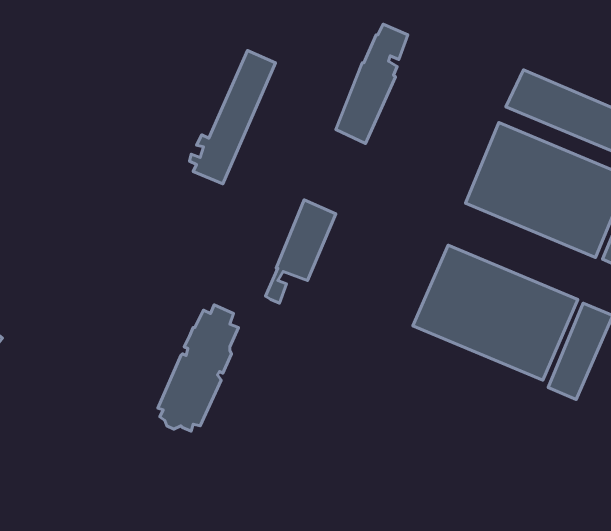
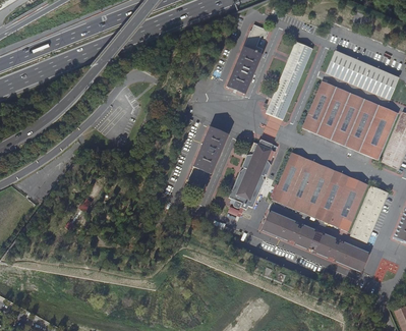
building: [190,51,276,184] -> [264,43,313,120]
building: [158,305,239,431] -> [227,139,274,212]
building: none -> [262,210,370,273]

